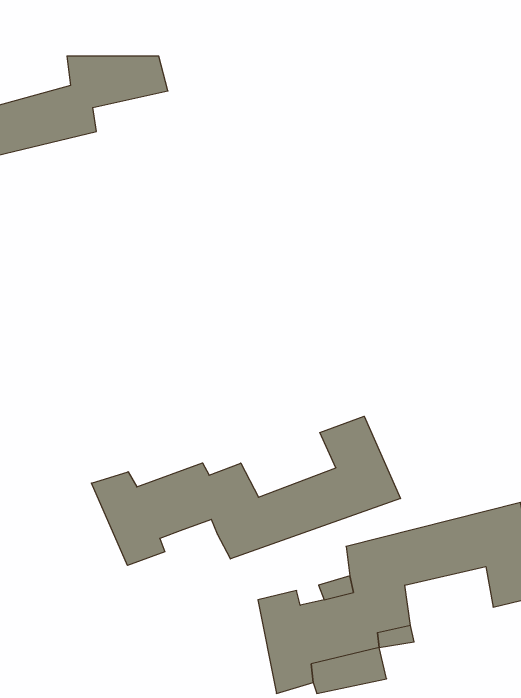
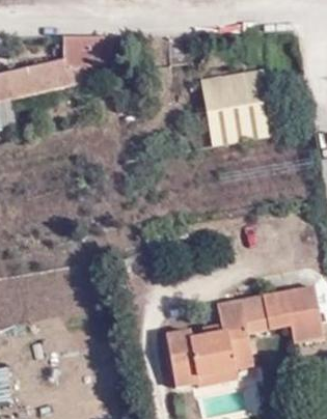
building: none -> [201,67,276,142]
building: [91,416,400,565] -> none

